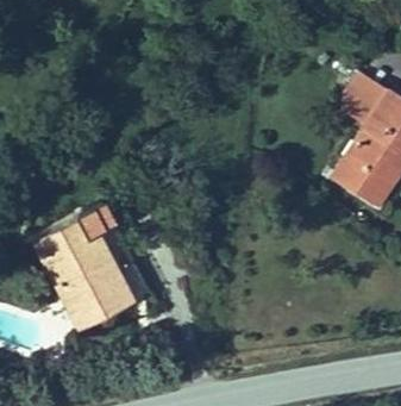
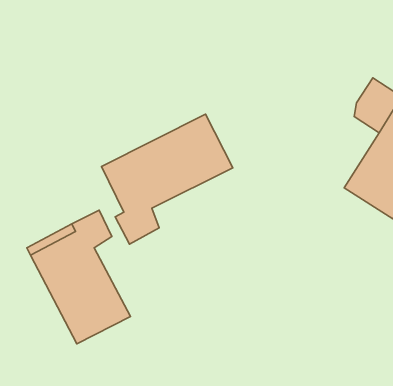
building: none -> [101,114,233,244]

